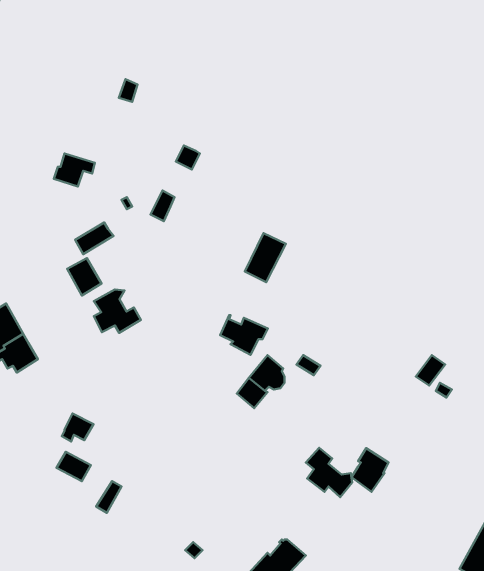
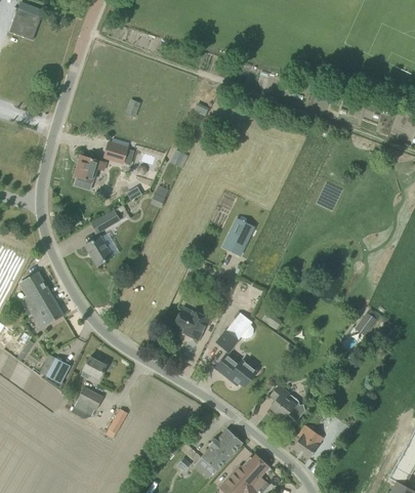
building: none -> [102,140,128,164]
building: [94,290,141,333] -> none
building: [220,315,268,355] -> [174,309,211,339]
building: none -> [215,353,257,386]
building: none -> [45,357,71,383]
building: [351,448,389,492] -> [293,424,322,458]
building: none -> [202,428,243,470]

